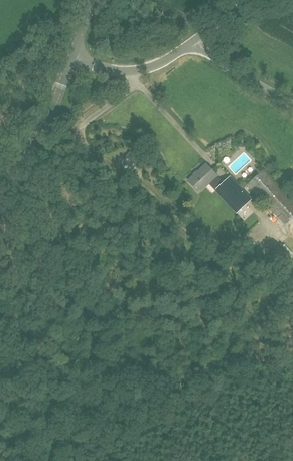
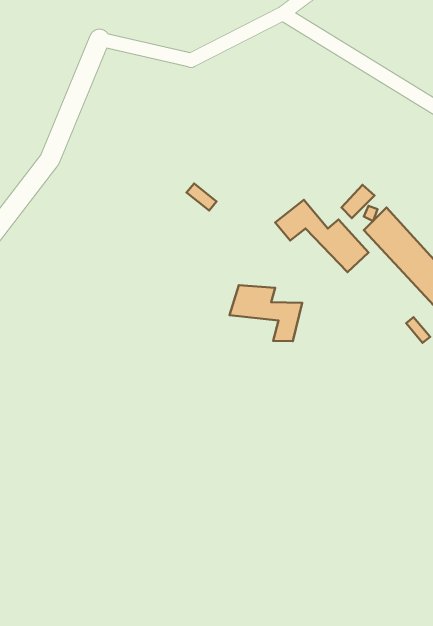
building: none -> [229,285,302,341]

